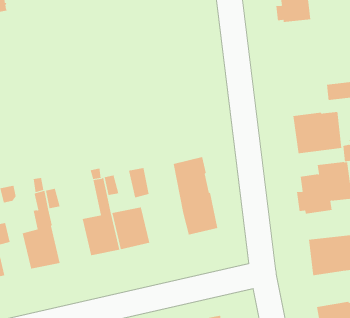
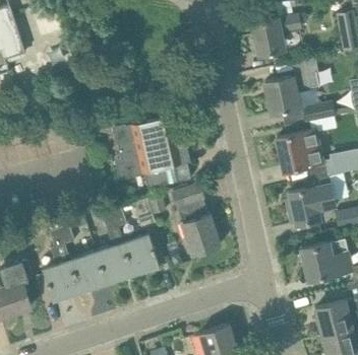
building: none -> [264,71,318,115]
building: none -> [116,116,194,189]
building: none -> [68,251,106,292]

